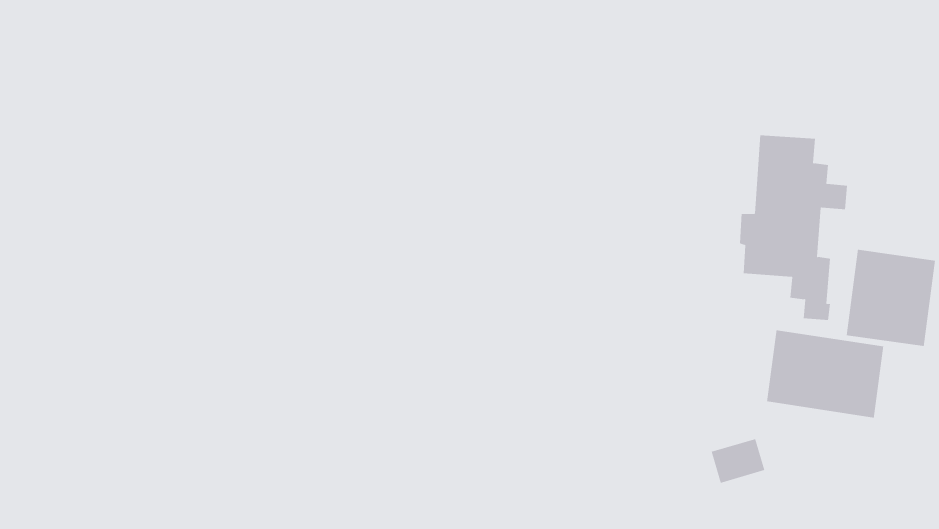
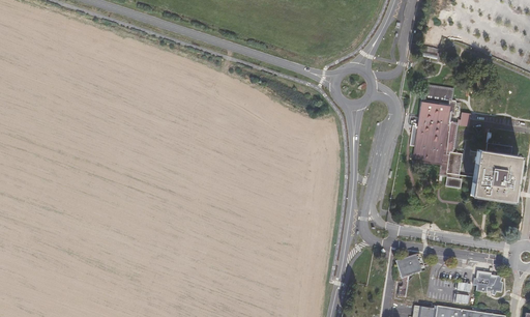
building: [766,330,884,418] -> none
building: none -> [475,271,504,293]

